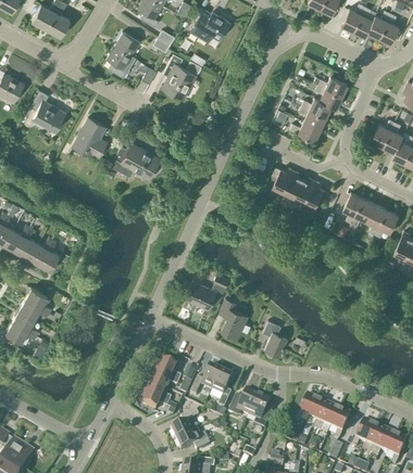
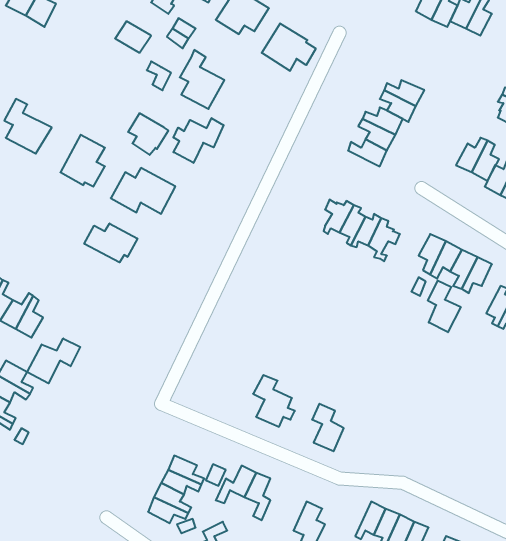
building: none -> [262,23,316,71]
building: [105,44,136,76] -> [128,113,168,155]
building: none -> [173,118,224,163]
building: none -> [84,223,137,262]
building: none -> [428,281,461,332]
building: none -> [27,338,80,383]
building: [184,273,229,310] -> none
building: [228,388,259,417] -> none

